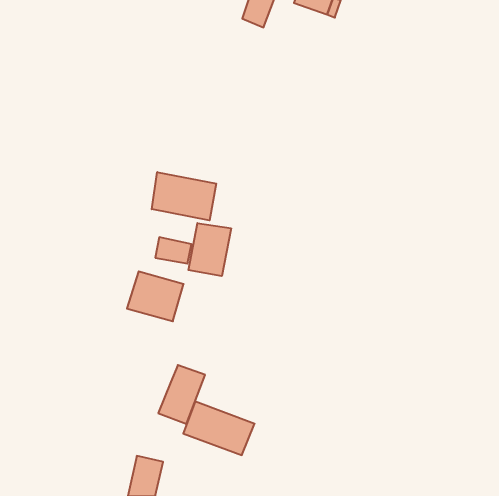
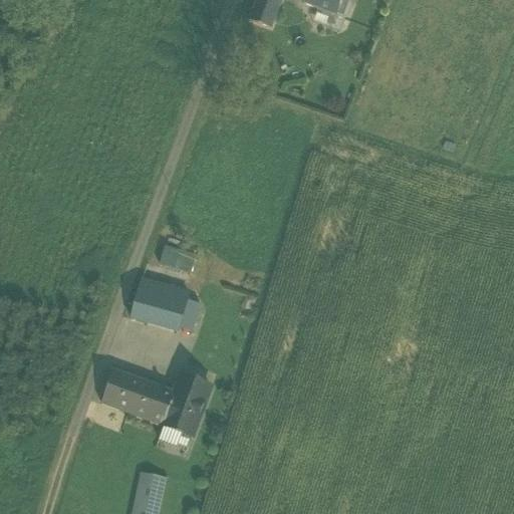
building: [152,172,216,220] -> none
building: [188,223,231,276] -> none
building: [183,401,255,455] -> [102,369,176,425]

